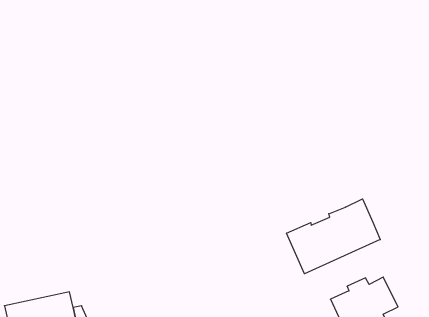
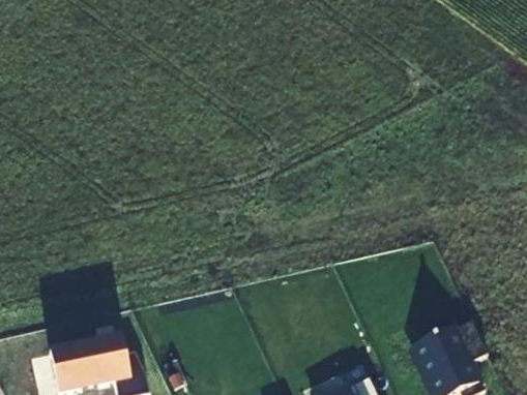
building: [287,199,380,274] -> none

